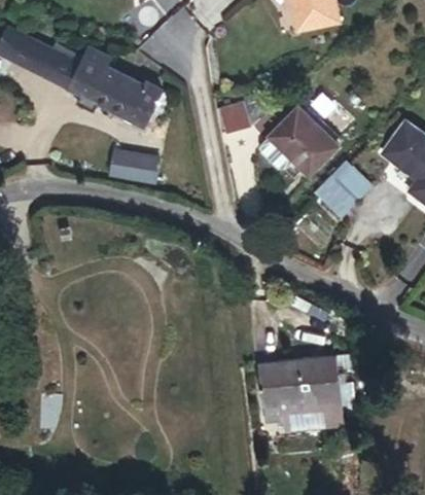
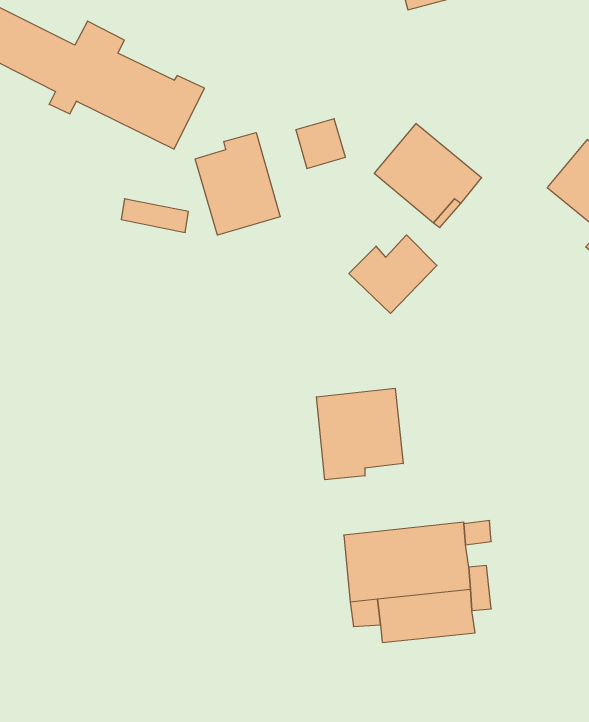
building: none -> [195,133,280,235]
building: [317,166,374,216] -> [349,235,437,313]
building: none -> [317,388,403,480]

